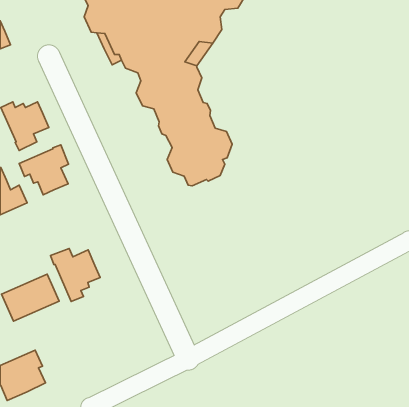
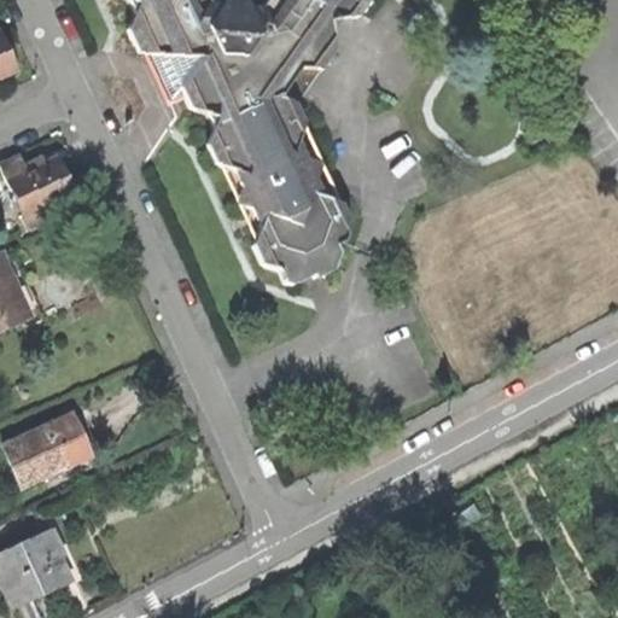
building: [19,145,68,195] -> none
building: [50,248,100,301] -> none

